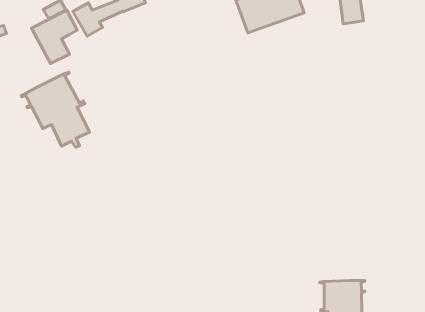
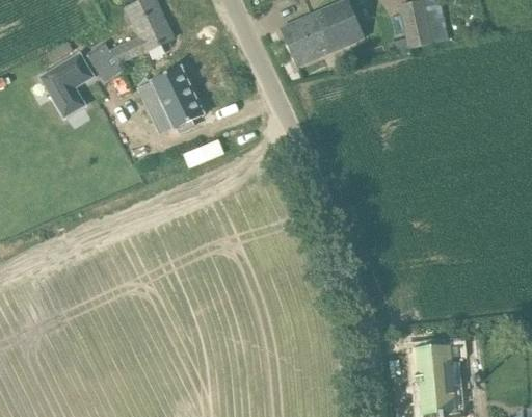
building: none -> [143,64,196,127]
building: [21,72,89,147] -> none

